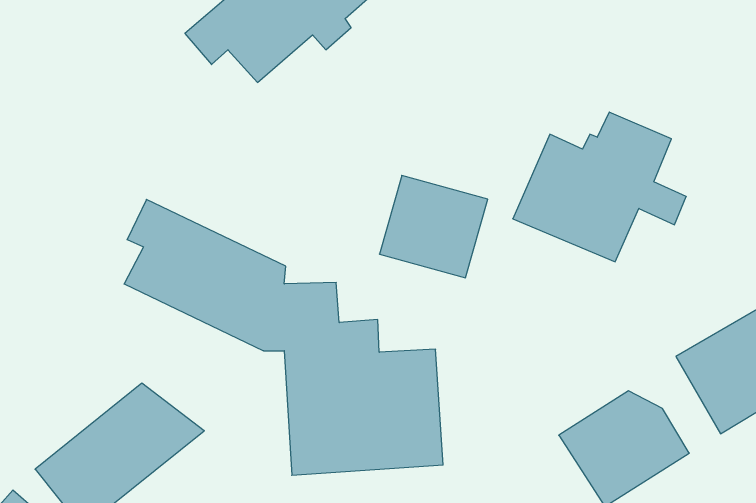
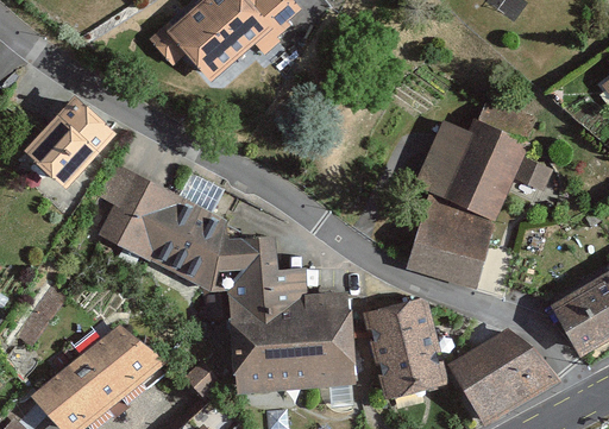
building: none -> [21,90,113,183]
building: [379,175,488,278] -> [408,204,495,286]
building: none -> [363,297,442,395]

